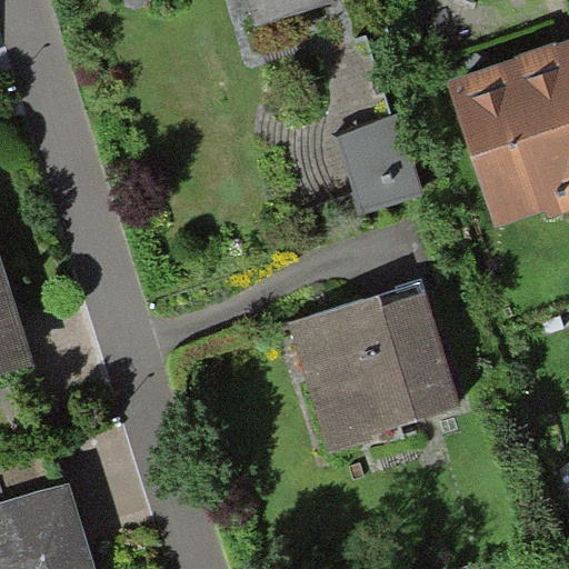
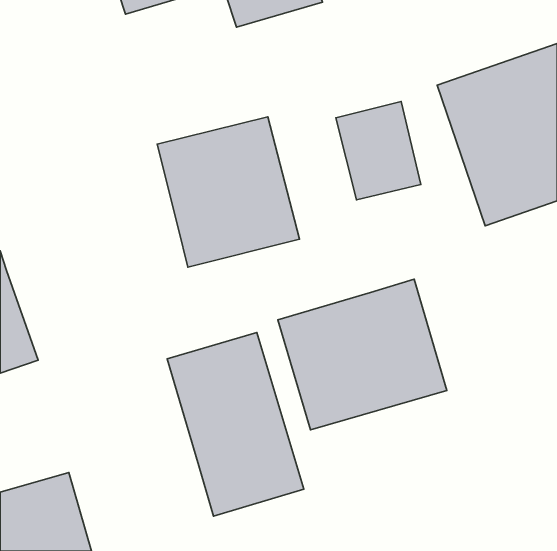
building: none -> [157,117,299,267]
building: none -> [167,333,304,516]

